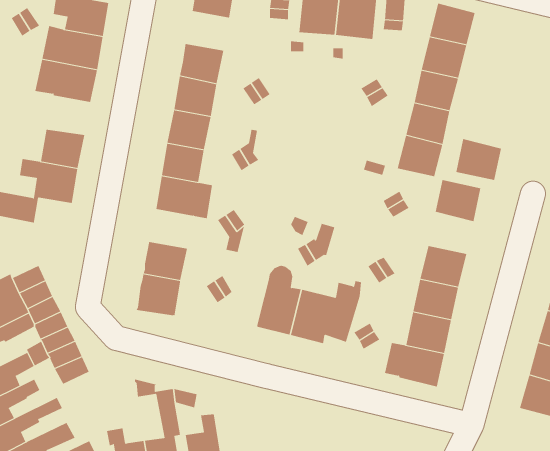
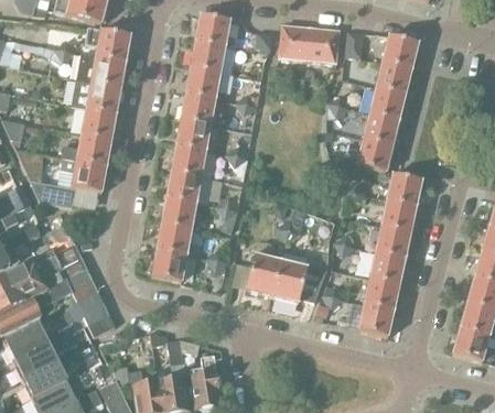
building: none -> [190,42,225,73]
building: none -> [80,108,116,139]
building: [456,139,502,181] -> [380,199,417,232]
building: none -> [161,197,196,228]

